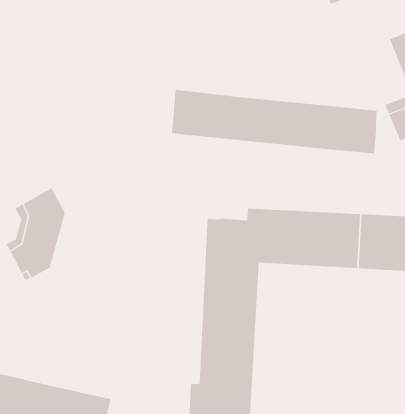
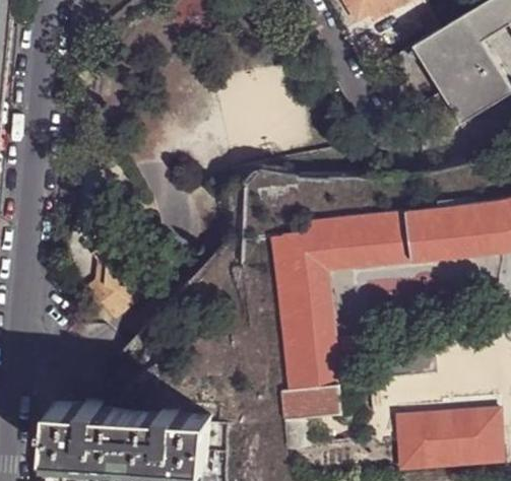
building: [171,89,377,154] -> none

